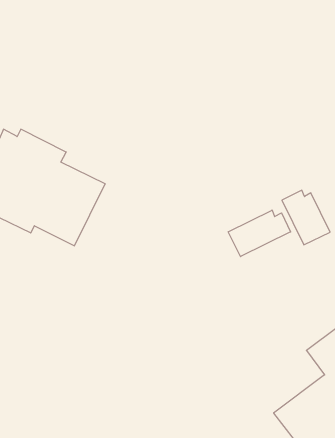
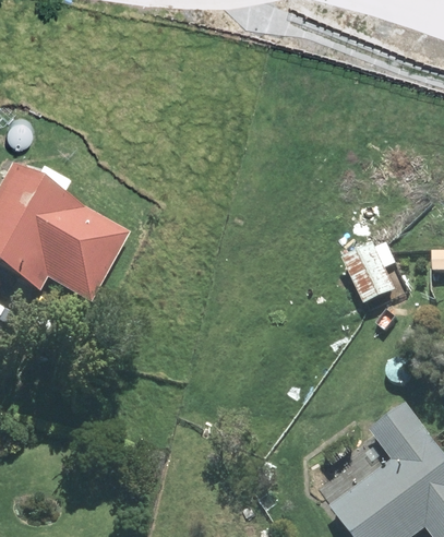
building: [228,210,291,257] -> none

